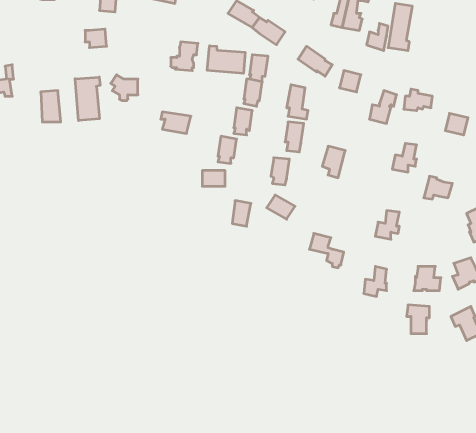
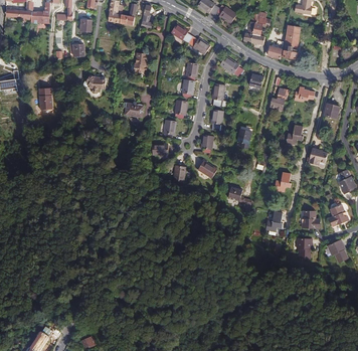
building: [207,46,245,73] -> none
building: [75,77,100,121] -> none

